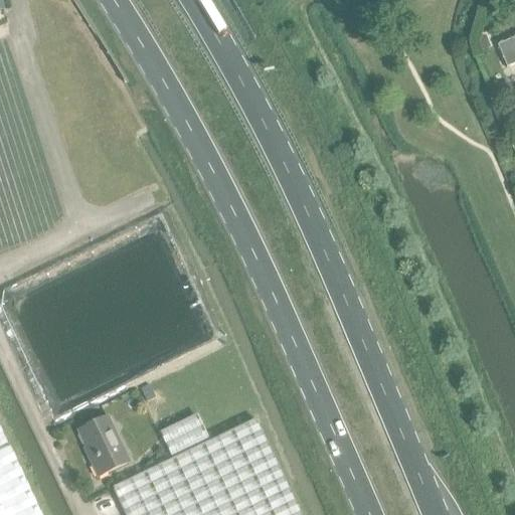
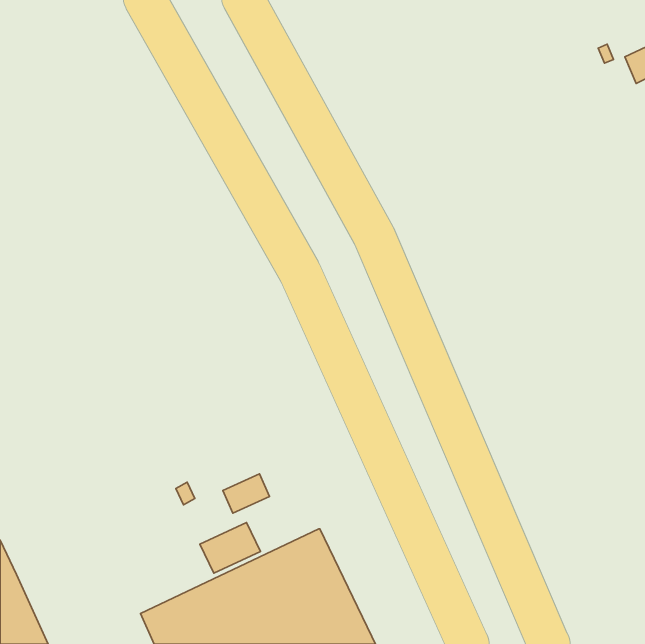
building: none -> [223,474,269,513]
building: [79,417,129,478] -> none

